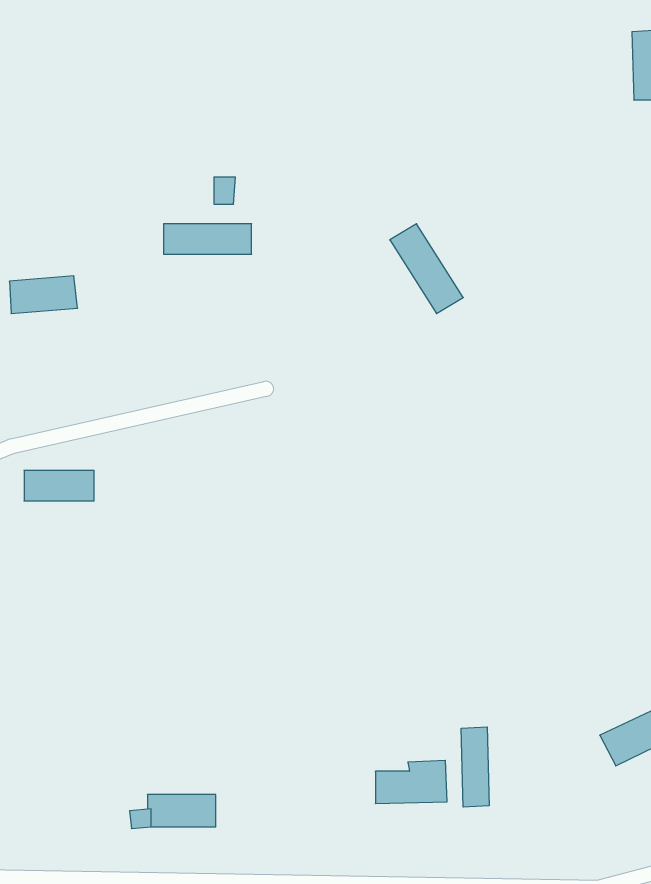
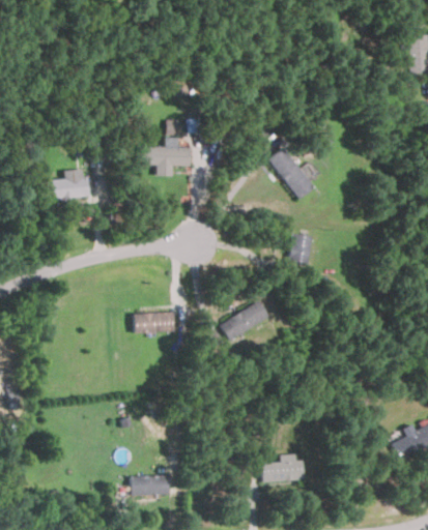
building: none -> [288,233,312,266]
building: [24,470,94,501] -> [134,314,174,331]
building: none -> [220,300,269,341]
building: [461,727,489,807] -> none

